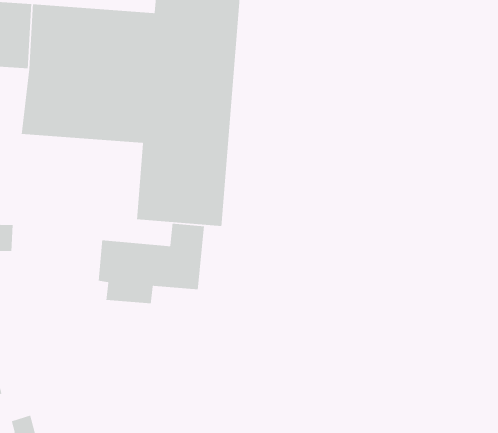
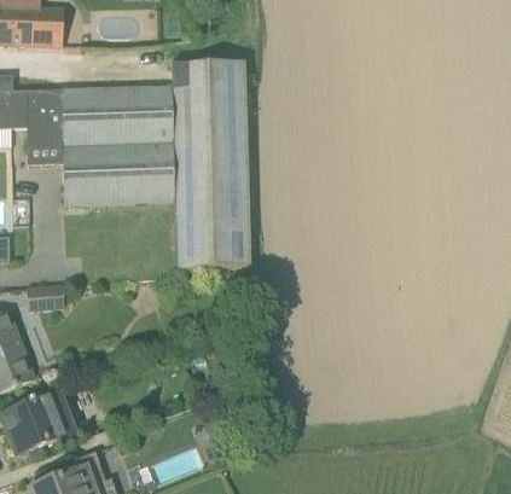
building: [98,223,205,304] -> none

